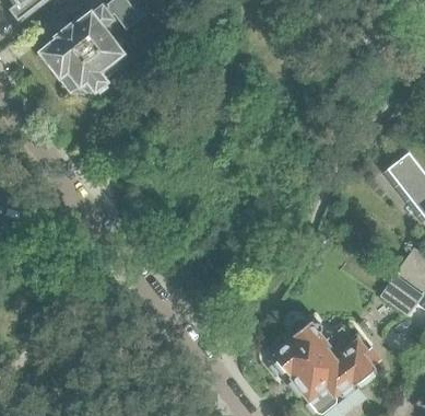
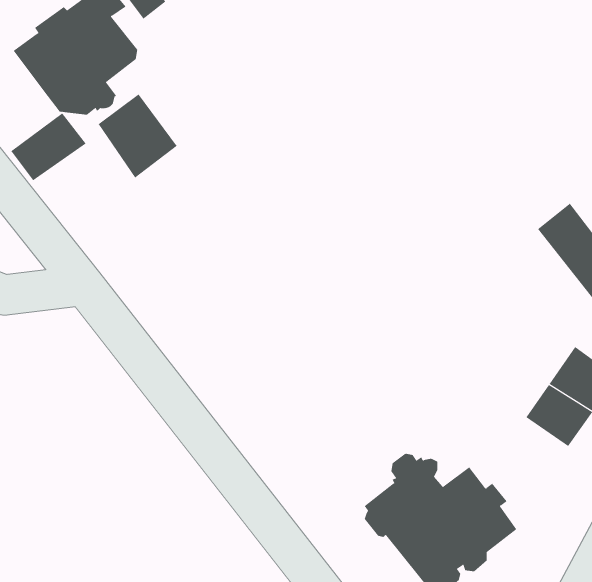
building: none -> [98,93,178,179]
building: none -> [10,112,87,181]

